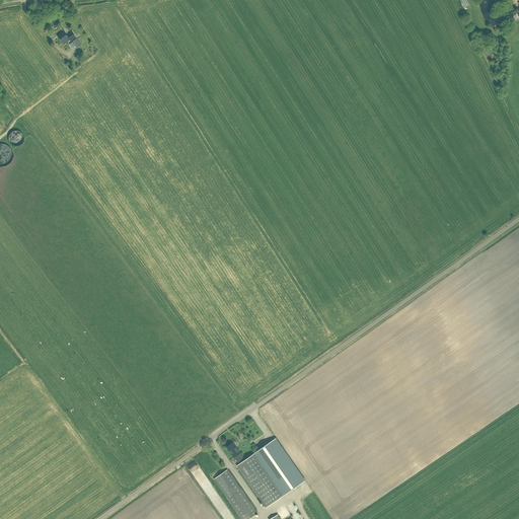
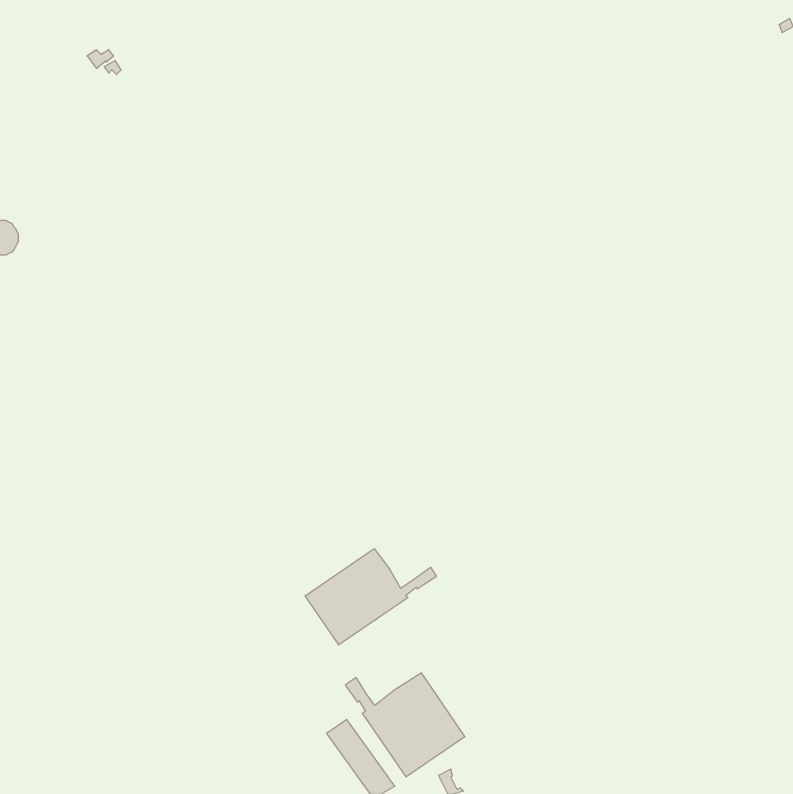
building: none -> [305,549,436,645]

